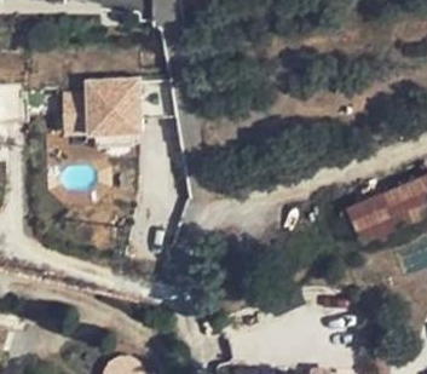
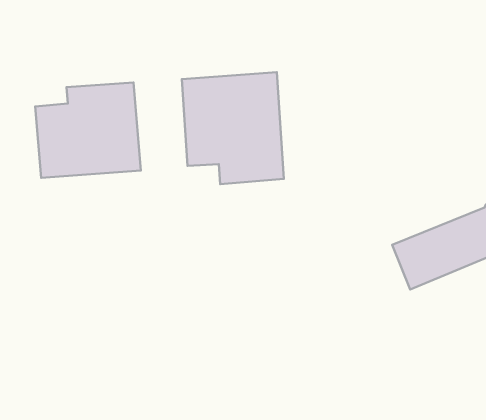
building: none -> [182,72,284,184]

